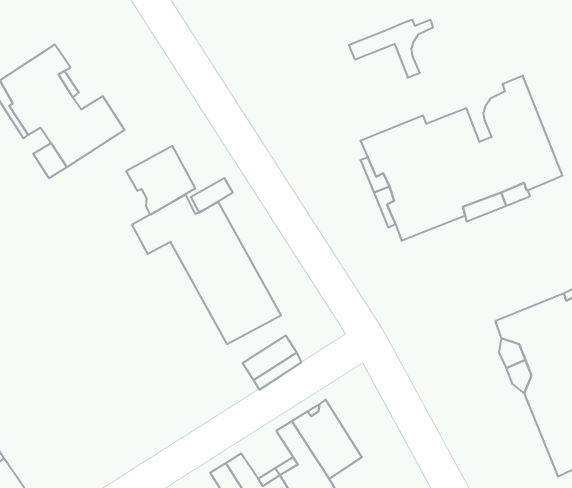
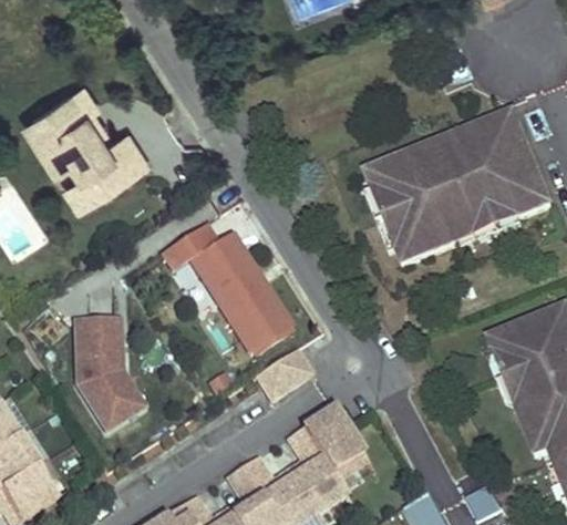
building: [349,20,433,78] -> [421,119,498,172]
building: [126,146,195,215] -> none
building: none -> [75,315,127,421]

